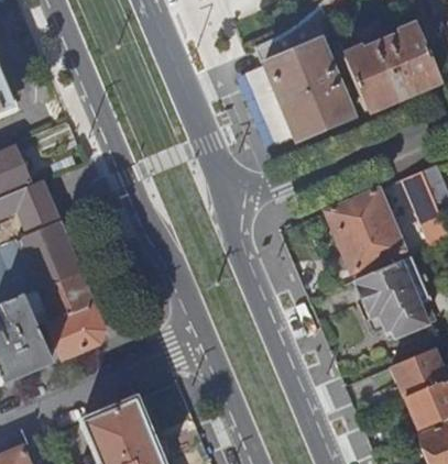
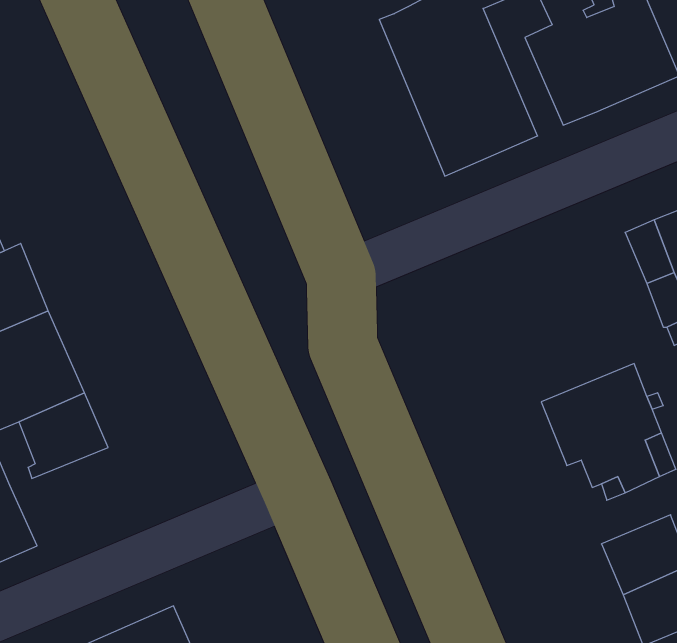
building: [327,188,404,269] -> none
building: [47,306,105,360] -> none

